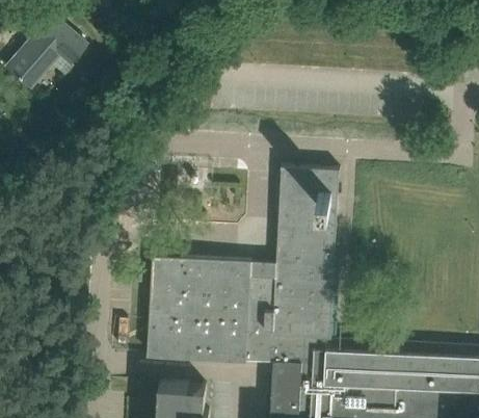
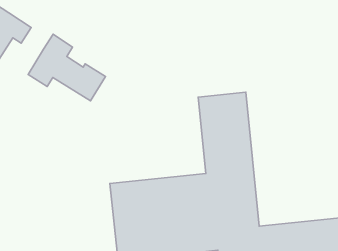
building: none -> [28,34,105,101]

